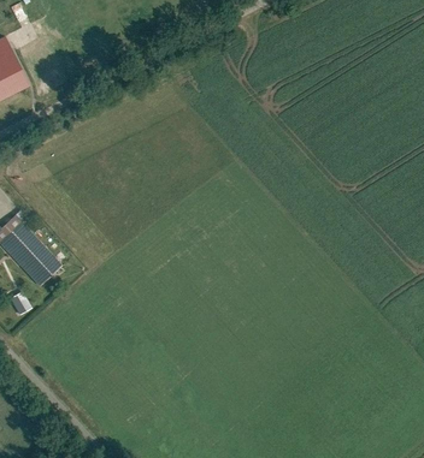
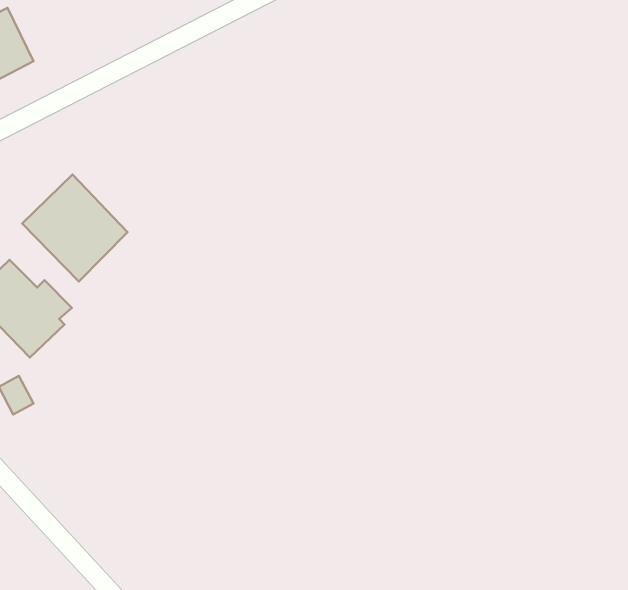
building: none -> [22,175,128,281]

